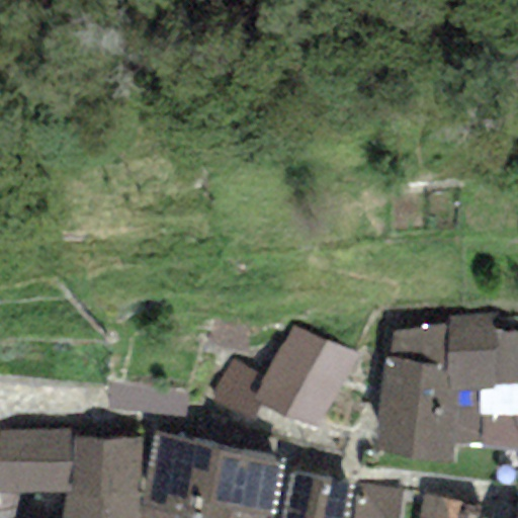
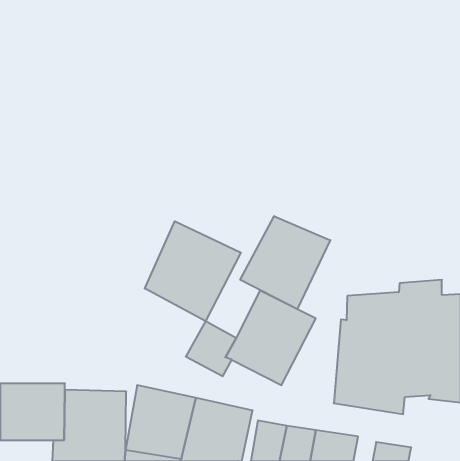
building: none -> [240,216,330,309]
building: none -> [145,221,241,321]

